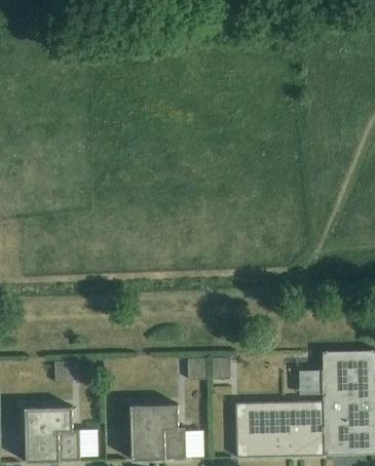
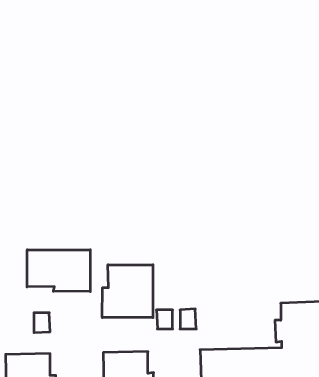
building: none -> [27,250,90,292]
building: none -> [102,265,153,318]

